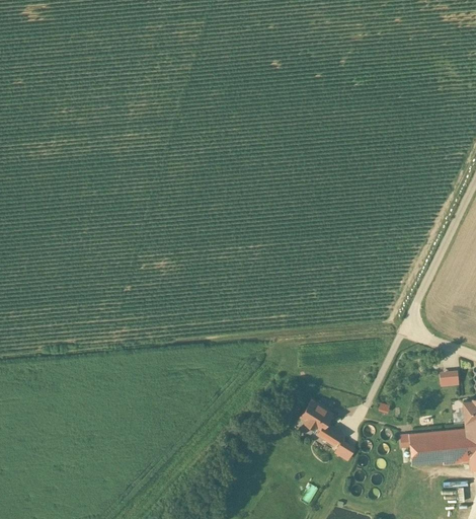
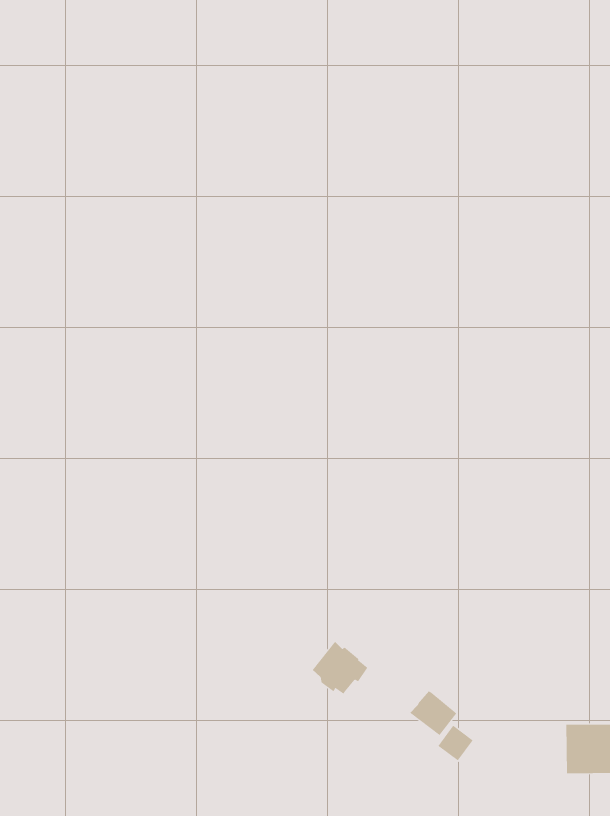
building: [298,399,331,431] -> [312,641,368,695]

